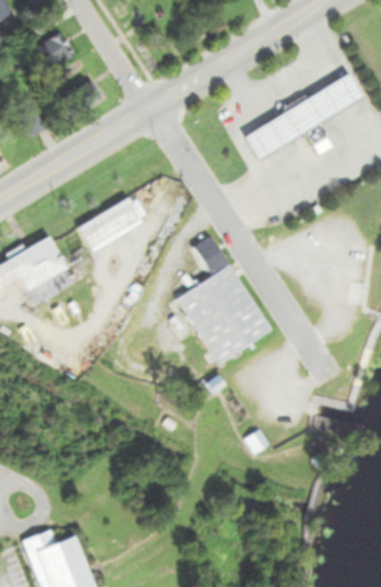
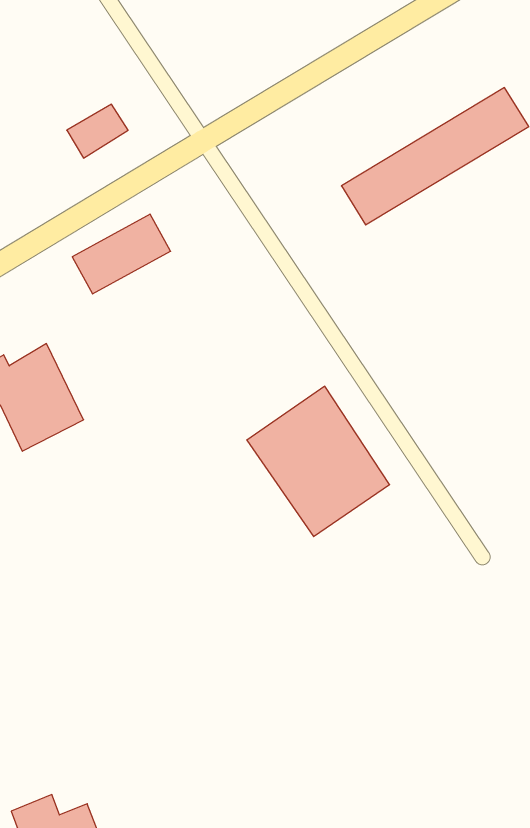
building: [30,33,72,71] -> none
building: [78,199,142,251] -> [72,214,171,294]
building: [194,238,227,275] -> none

